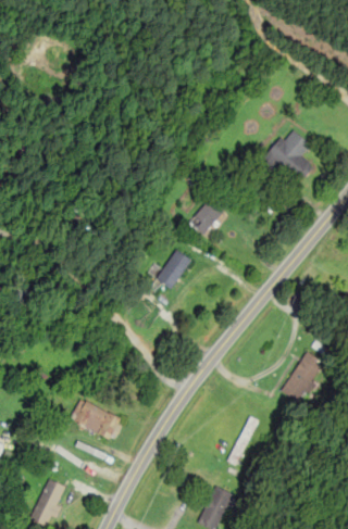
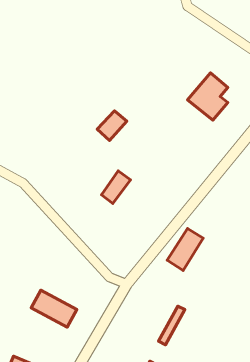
building: [189,198,226,235] -> [97,111,127,140]
building: [282,351,326,403] -> [167,228,203,271]

